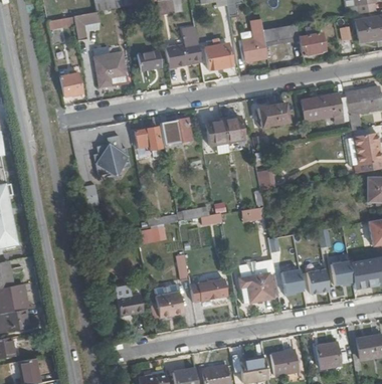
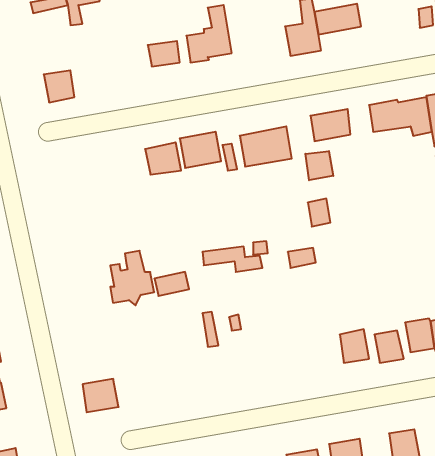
building: [298,28,323,53] -> none
building: [204,41,230,68] -> none
building: [93,56,126,86] -> none
building: none -> [305,151,333,180]
building: [98,135,131,176] -> [110,251,154,305]
building: [238,259,279,301] -> none
building: [190,277,228,302] -> none
building: [156,292,183,317] -> none
building: [117,294,144,319] -> [83,379,119,412]

